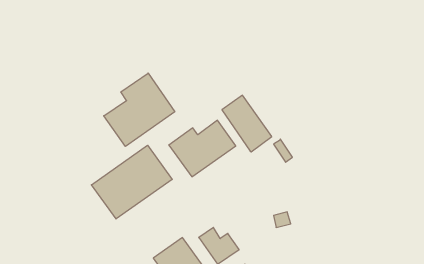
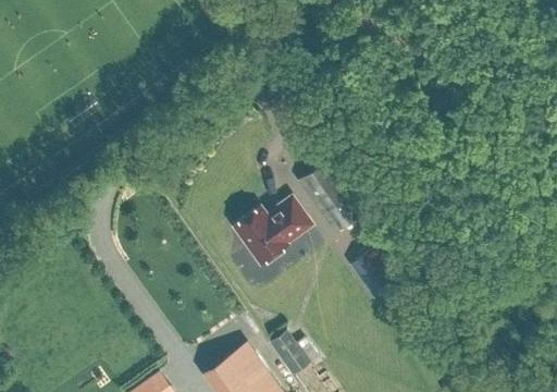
building: [104,73,175,146] -> none
building: [91,145,172,219] -> none

